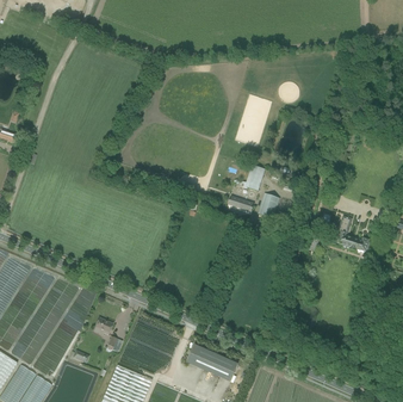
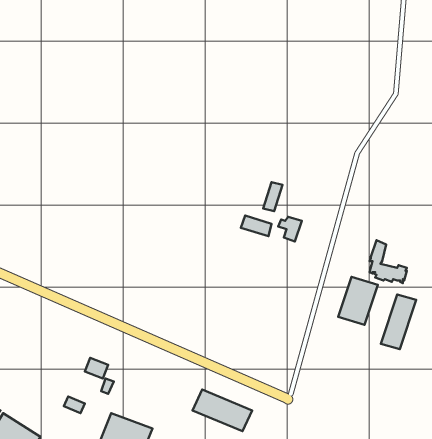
building: none -> [338,277,378,325]
building: none -> [381,294,416,349]

